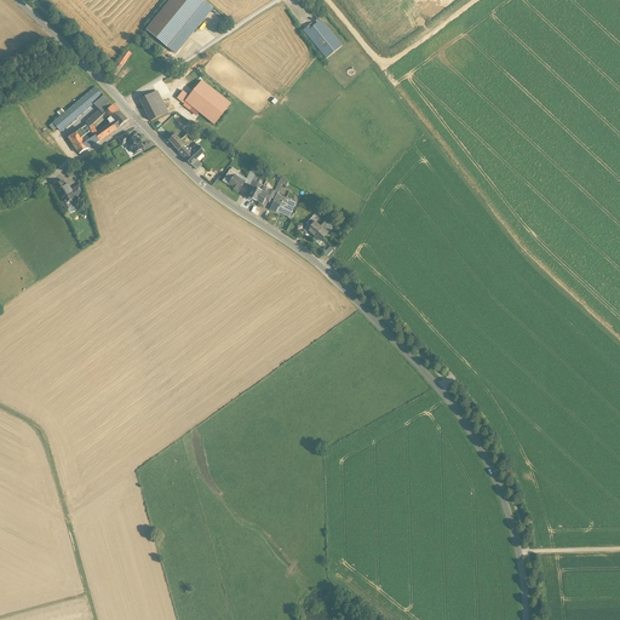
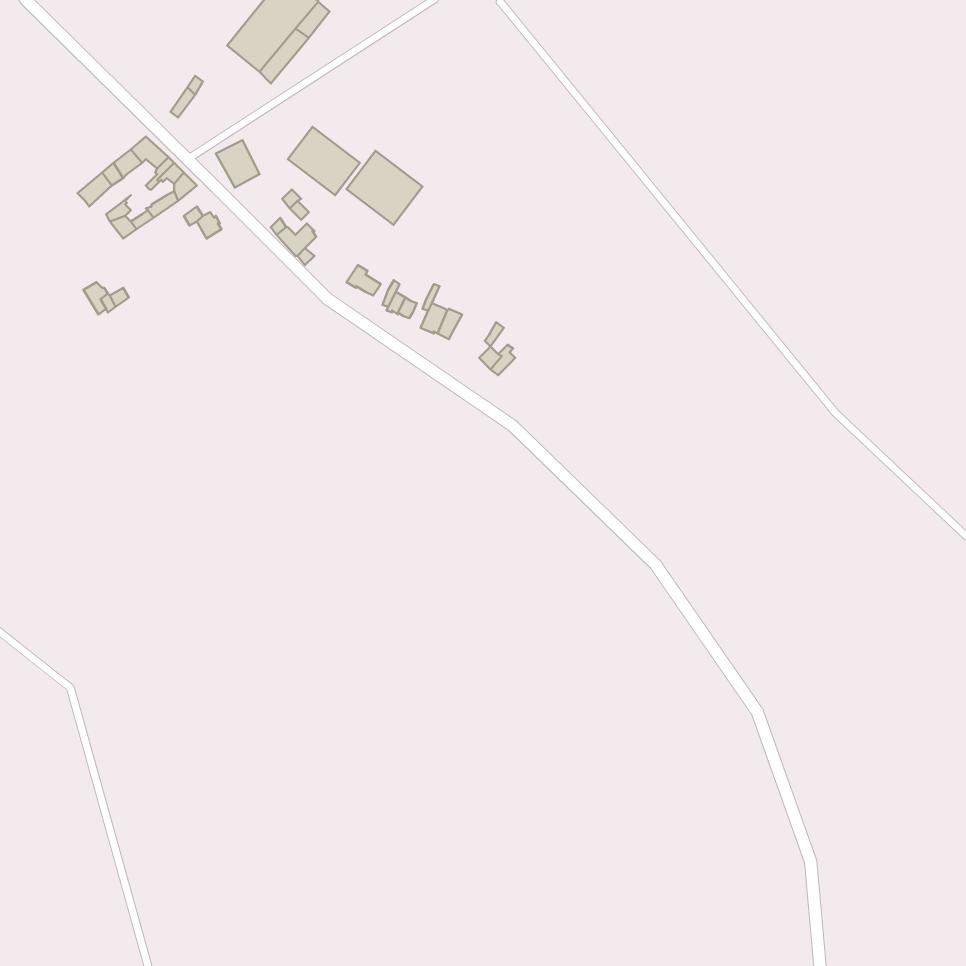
building: [304,19,340,58] -> none
building: none -> [347,151,422,225]

